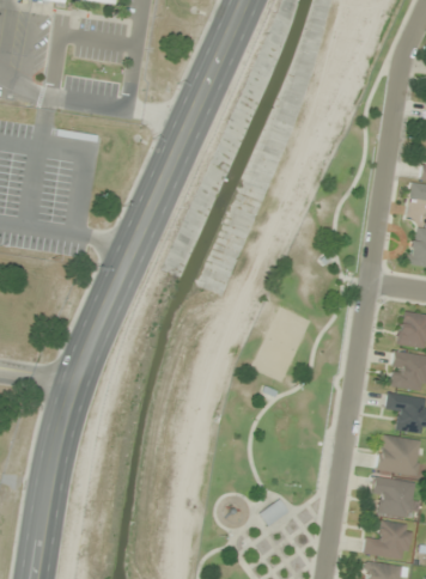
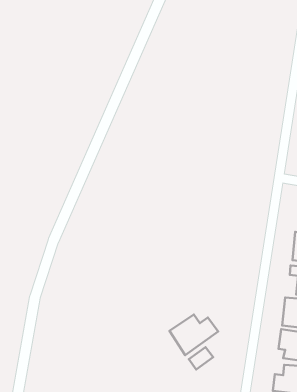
building: none -> [169,314,218,355]

